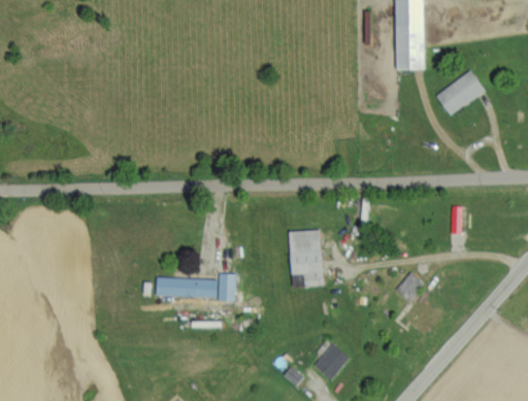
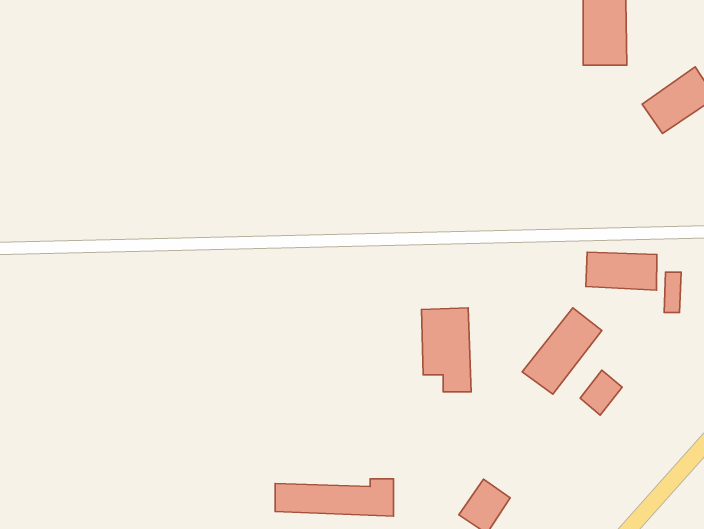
building: none -> [586,252,657,290]
building: none -> [522,308,602,394]
building: [155,274,233,299] -> [275,479,393,516]

